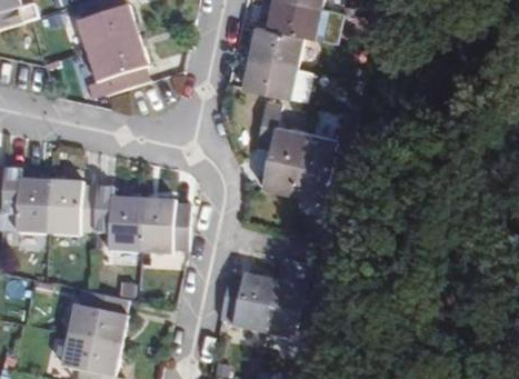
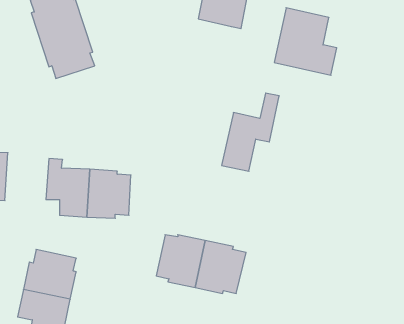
building: [241,24,312,101] -> [274,8,337,75]
building: [254,99,306,193] -> none
building: [46,179,96,235] -> none

